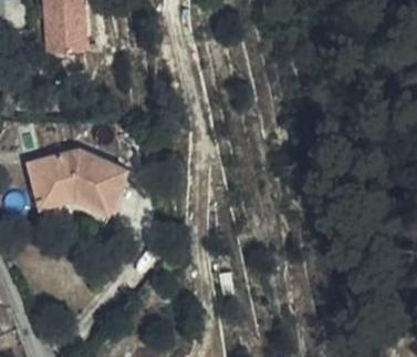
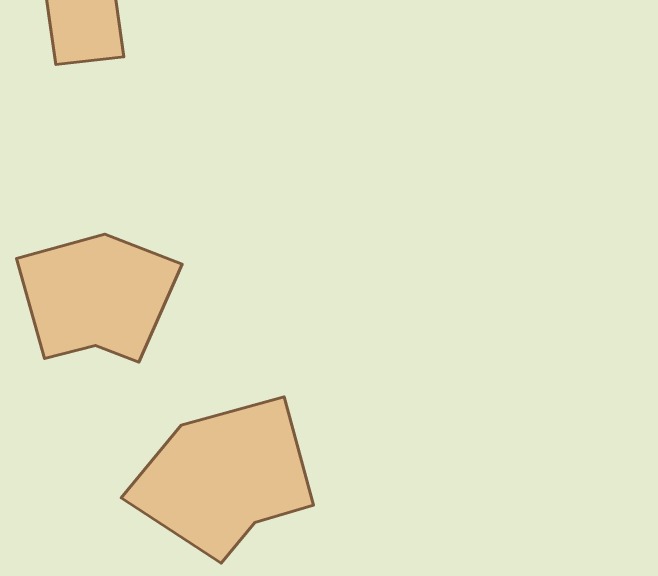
building: none -> [121,397,314,563]

